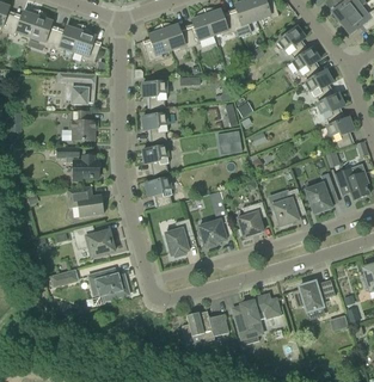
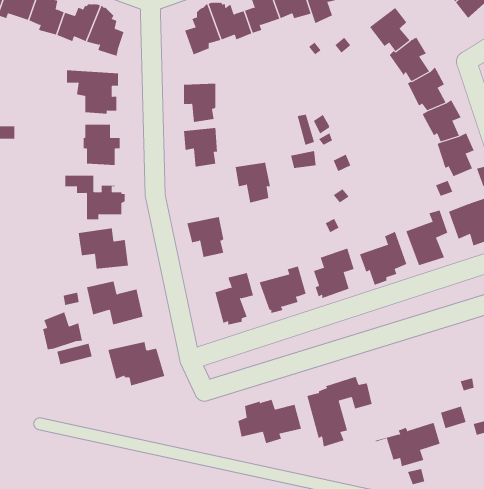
building: [142,146,168,175] -> [235,162,271,203]
building: none -> [42,312,83,350]
building: [287,279,335,312] -> [375,422,441,467]

